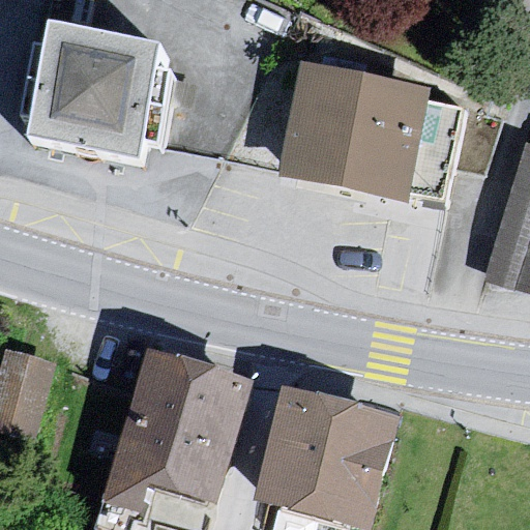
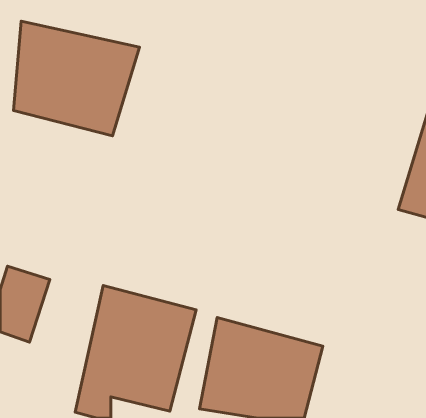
building: [275,69,431,207] -> none

